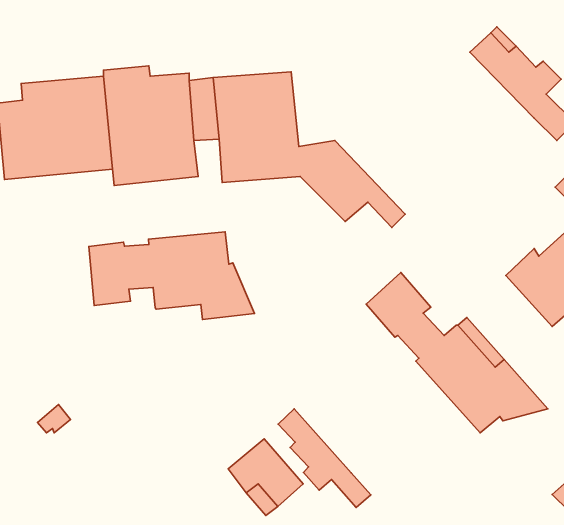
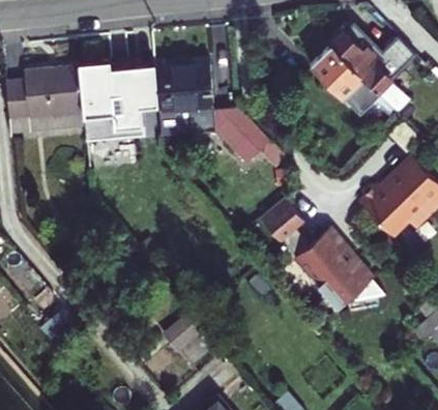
building: none -> [313,46,377,110]
building: [89,232,255,319] -> none
building: [278,409,371,508] -> none

